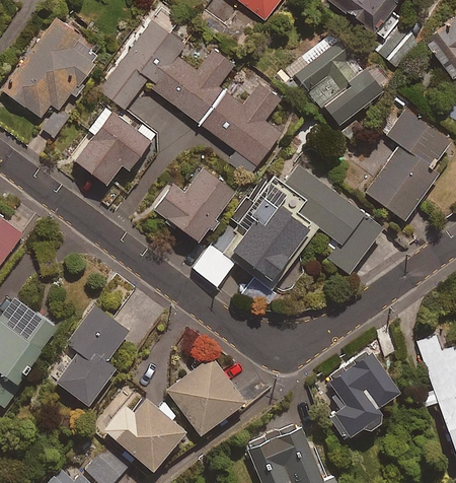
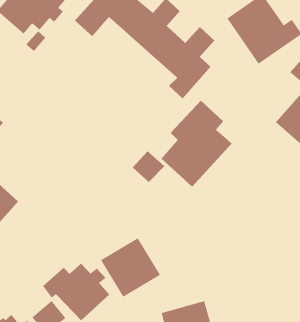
building: [74,106,153,184] -> none
building: [287,165,381,272] -> none
building: [153,166,234,240] -> none
building: [57,304,129,406] -> none
building: [330,350,397,437] -> none

